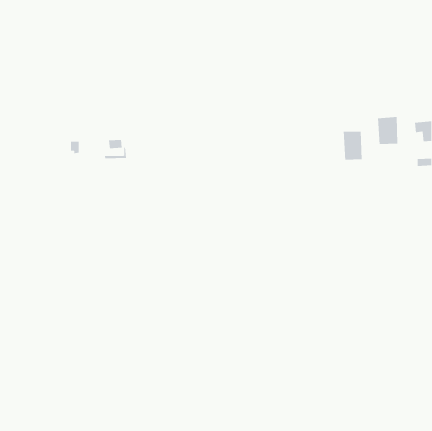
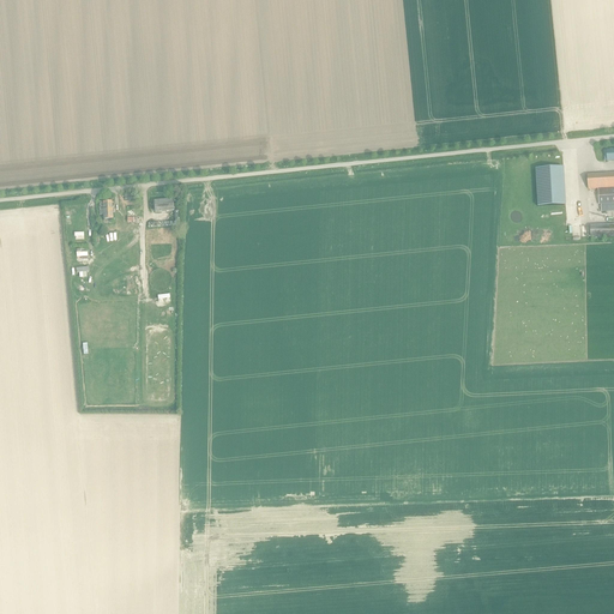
building: [343,131,362,161] -> none

